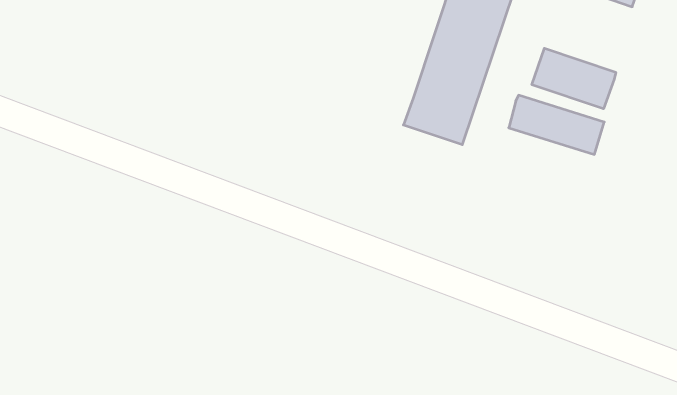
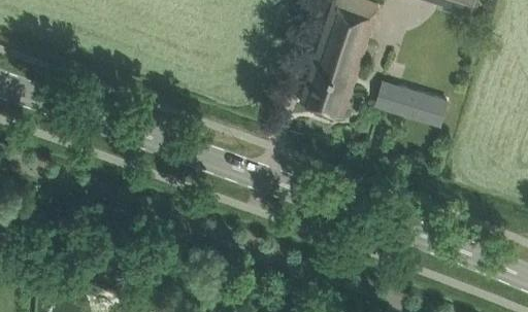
building: [532,48,616,109] -> none

